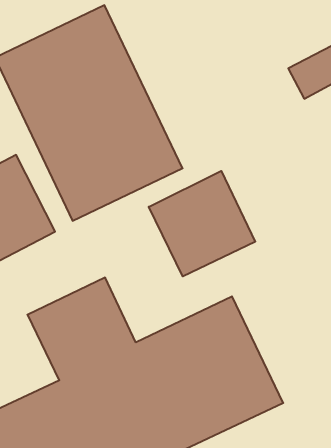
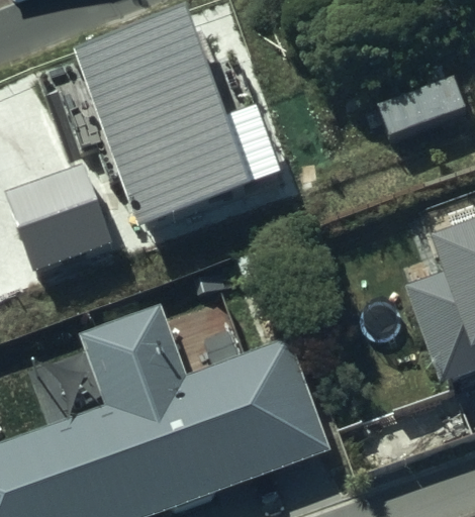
building: [149,171,255,276] -> none

